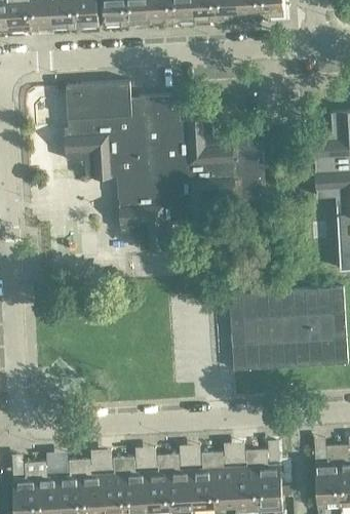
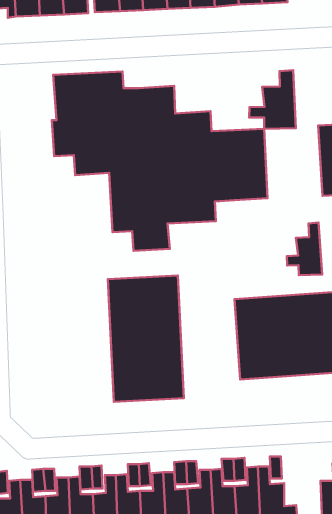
building: none -> [249,70,296,129]
building: none -> [287,222,322,275]
building: none -> [108,276,184,402]

